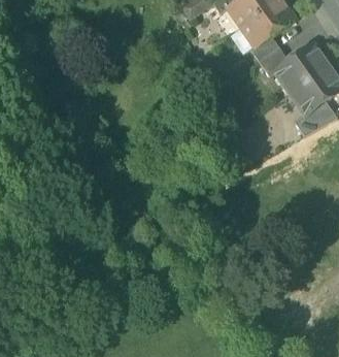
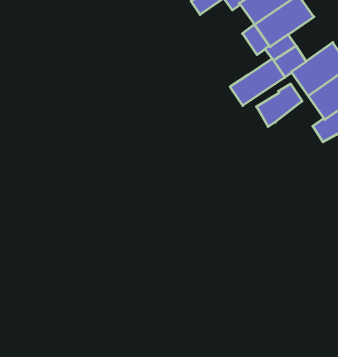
building: none -> [230,59,285,106]
building: none -> [256,84,302,127]

